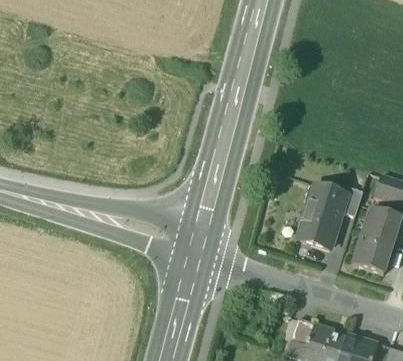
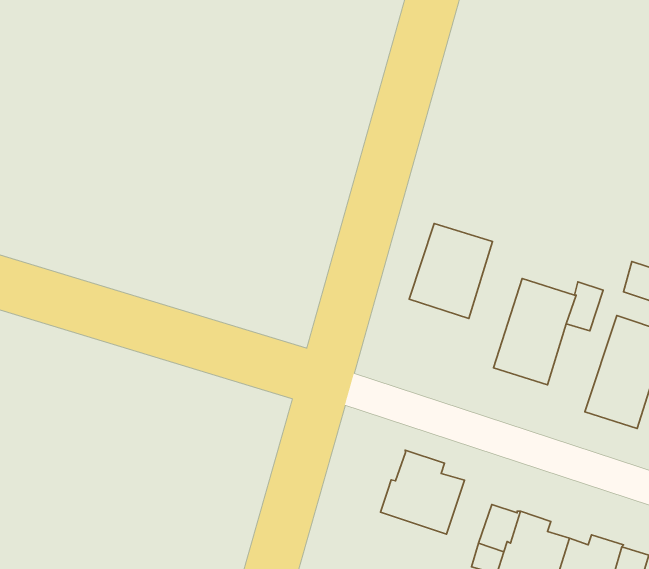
building: none -> [409,223,492,318]
building: none -> [380,450,465,534]

